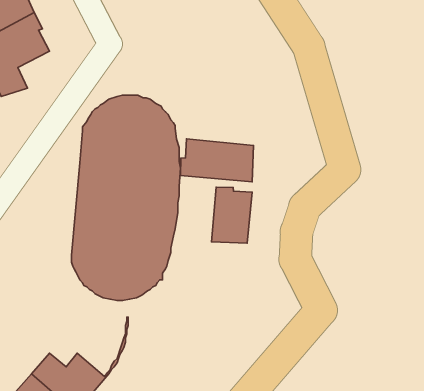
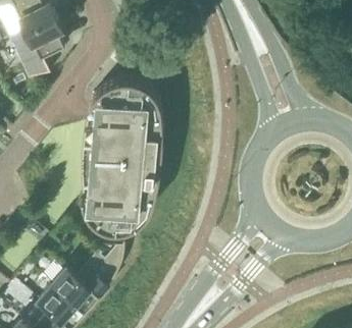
building: [180,139,253,182] -> none
building: [211,187,252,243] -> none

